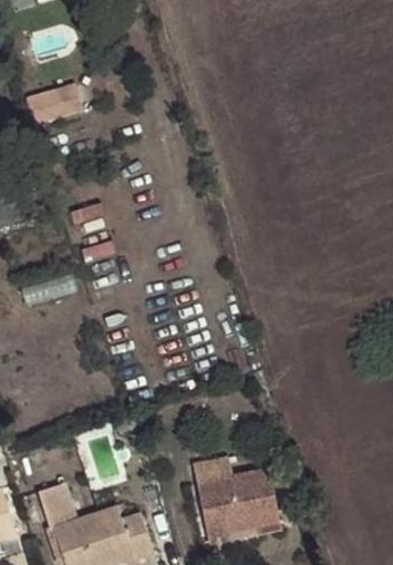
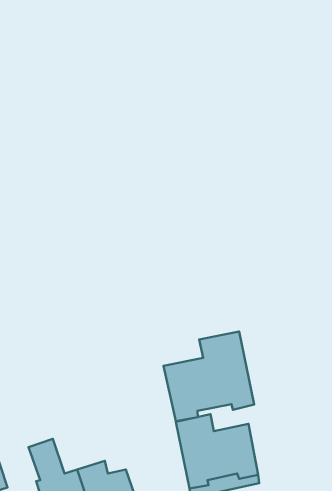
building: [29,84,81,121] -> none
building: none -> [163,331,254,421]

